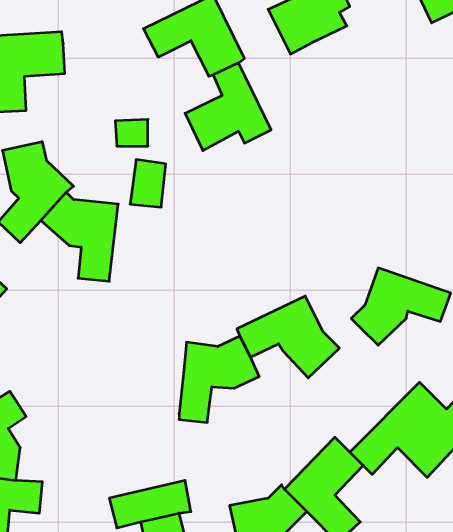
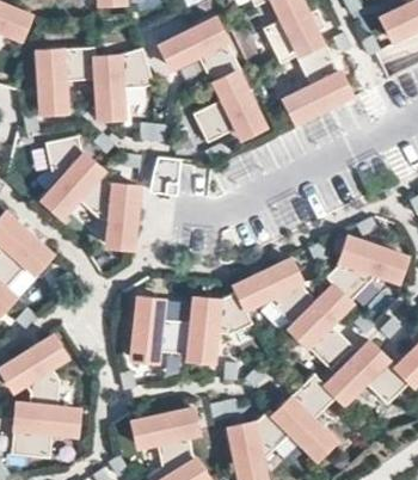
building: none -> [284,42,349,121]
building: none -> [94,47,153,117]
building: none -> [288,284,354,371]
building: none -> [131,296,191,362]

